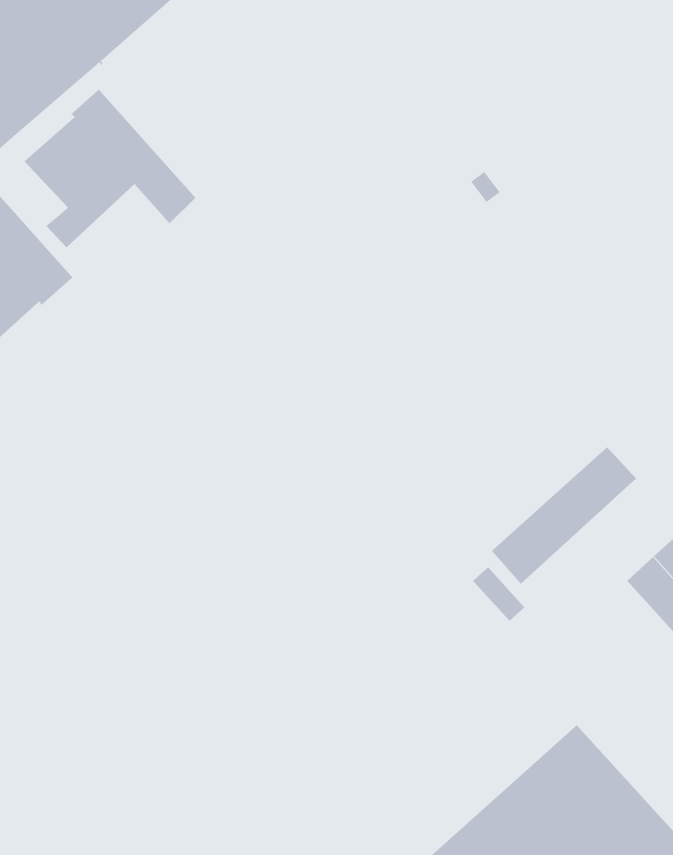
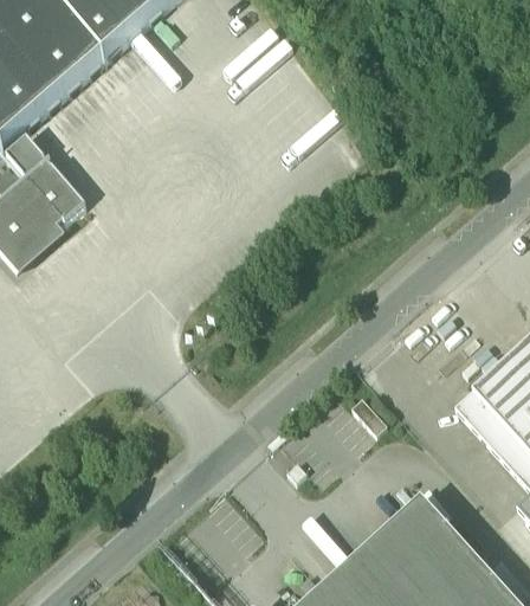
building: [24,89,196,248] -> none
building: [491,447,637,584] -> none

